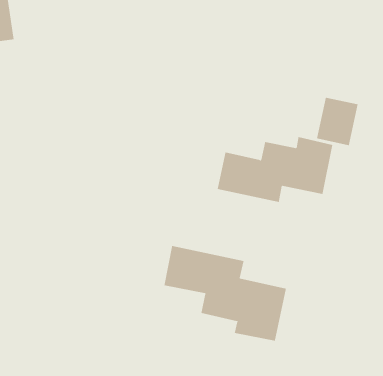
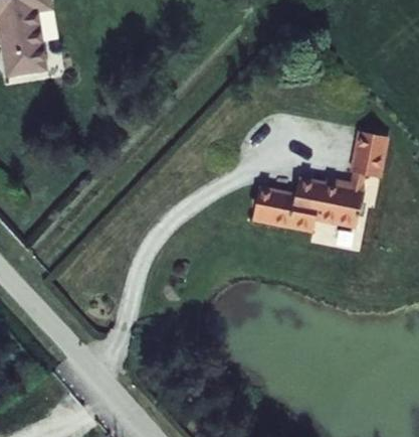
building: [164,245,287,342] -> none

